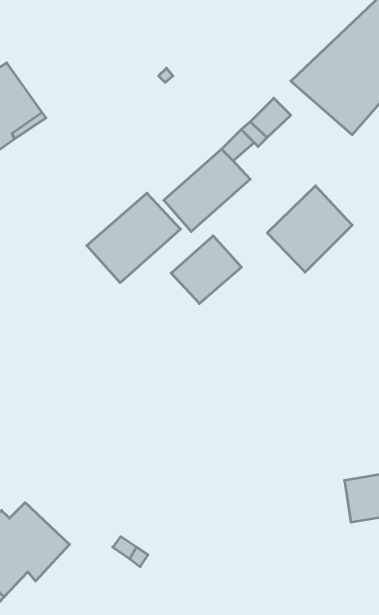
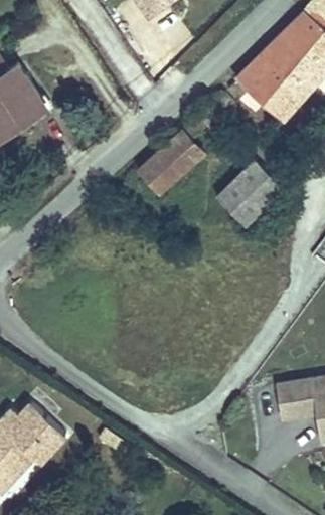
building: [87,193,181,283] -> none
building: [171,236,241,304] -> none

